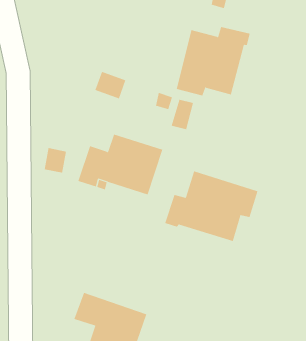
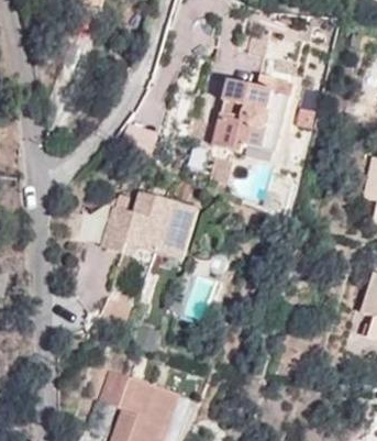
building: [164,170,258,242] -> none

